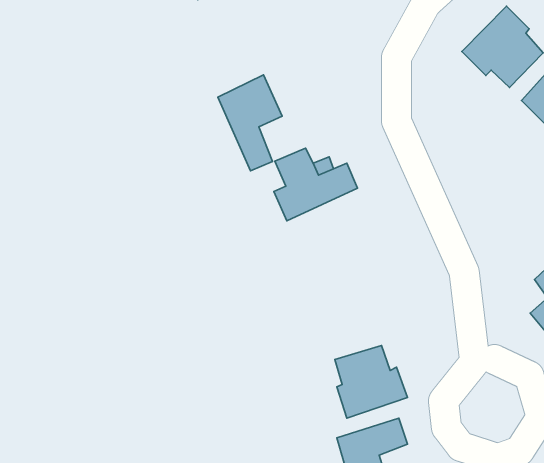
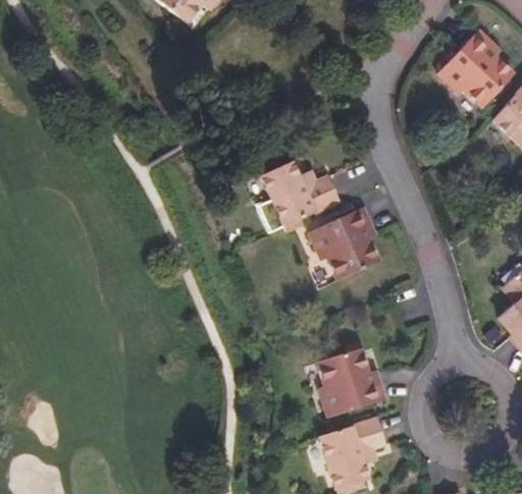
building: [218,75,282,171] -> none
building: none -> [310,208,381,279]

